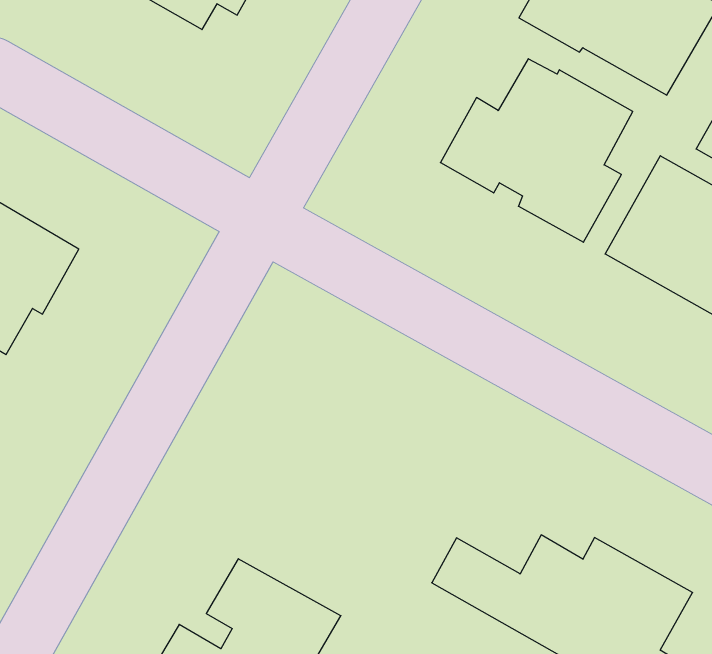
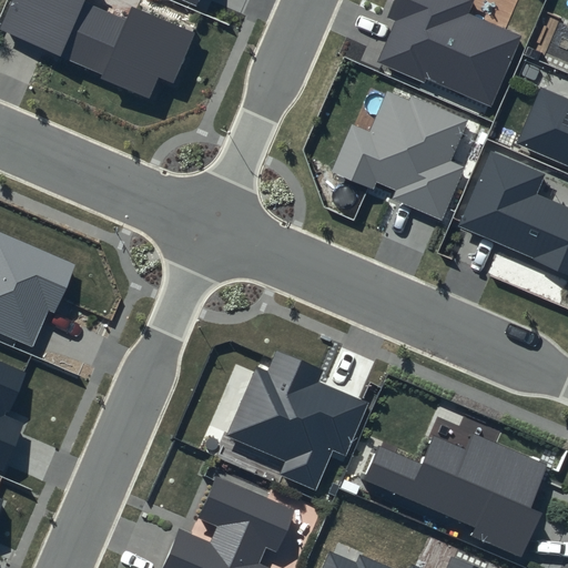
building: none -> [226,351,368,489]

